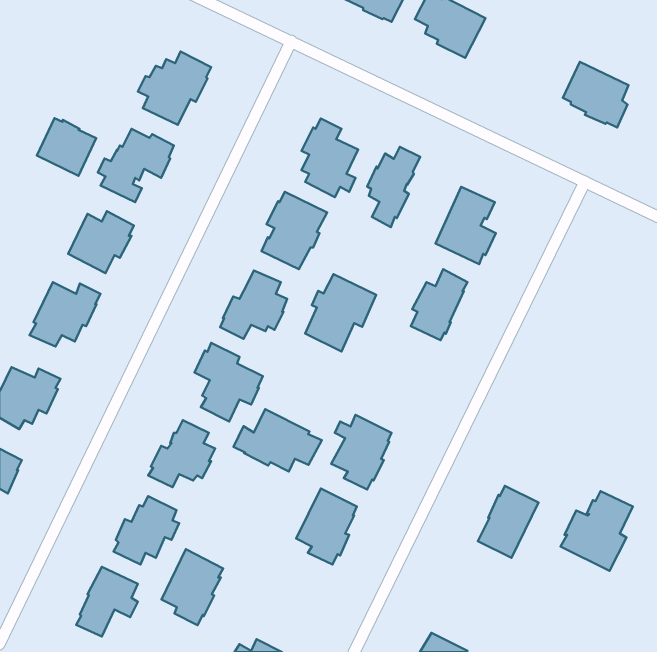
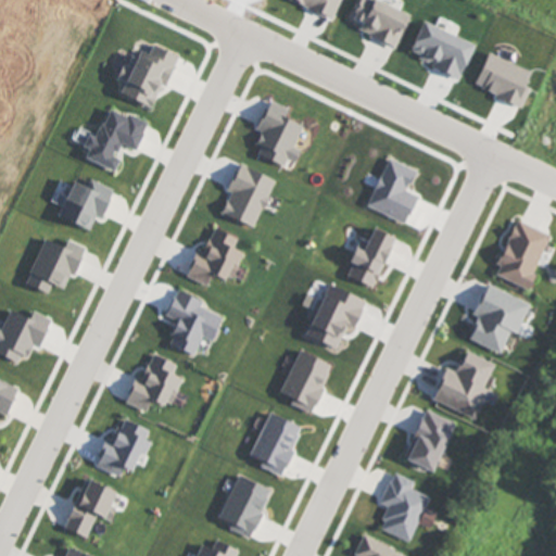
building: none -> [410,21,473,79]
building: [37,118,96,176] -> none
building: [367,147,420,227] -> none
building: none -> [495,219,549,289]
building: [305,274,376,351] -> [305,283,365,349]
building: none -> [468,283,530,353]
building: [234,409,322,472] -> none
building: [561,491,633,571] -> [432,351,493,418]
building: [161,549,223,625] -> [218,473,270,538]
building: none -> [379,472,435,542]

